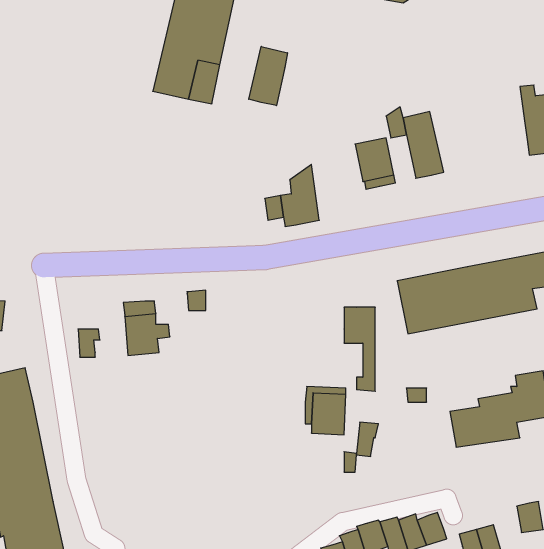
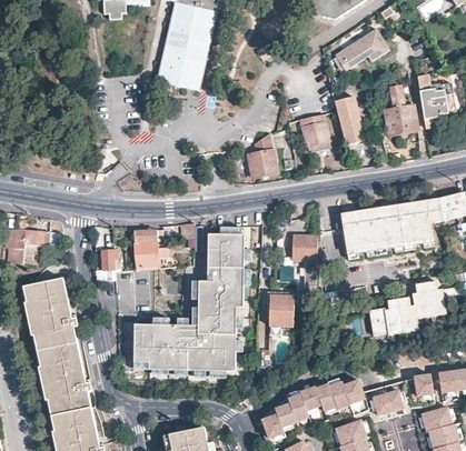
building: none -> [331,29,385,70]
building: [249,46,287,106] -> none
building: none -> [384,86,423,136]
building: none -> [128,232,249,373]

